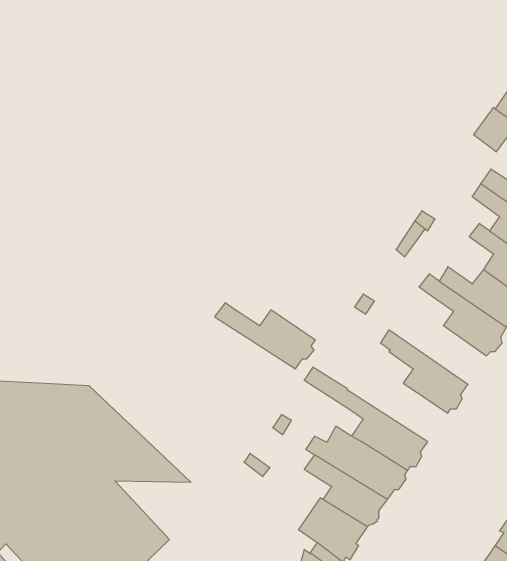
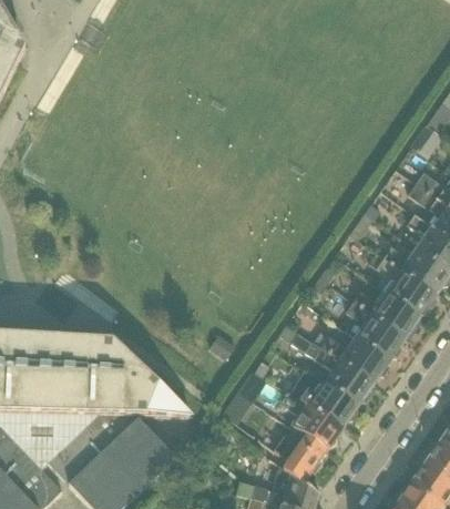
building: [215,303,315,369] -> [311,333,389,384]
building: none -> [344,287,419,339]

